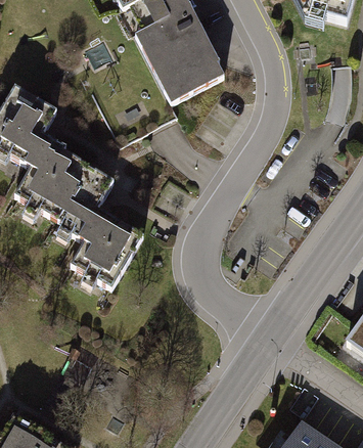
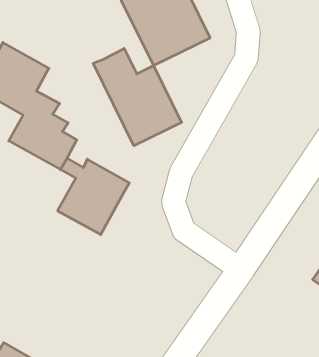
building: none -> [93,48,182,146]

